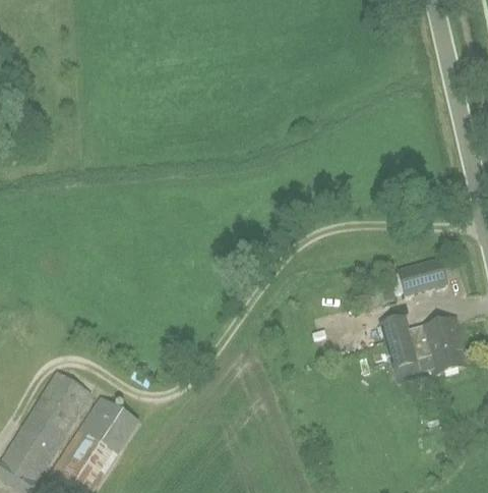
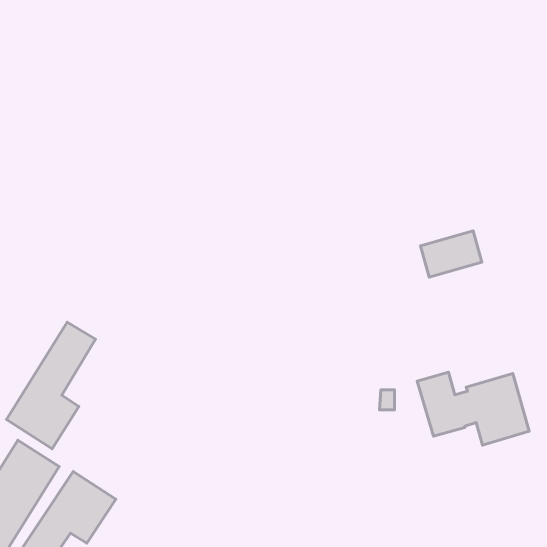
building: [399,258,448,295] -> [420,231,482,277]
building: none -> [6,322,95,449]

